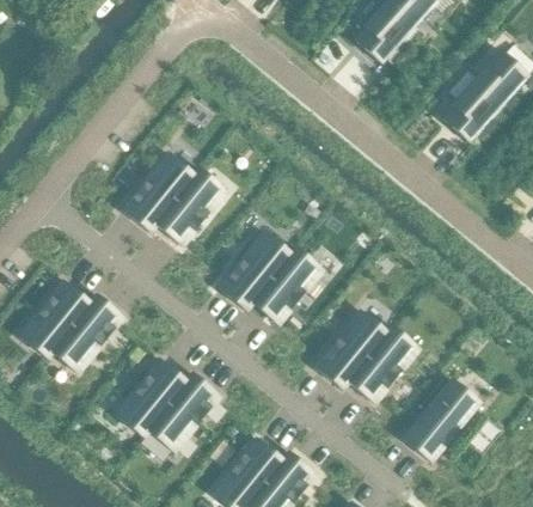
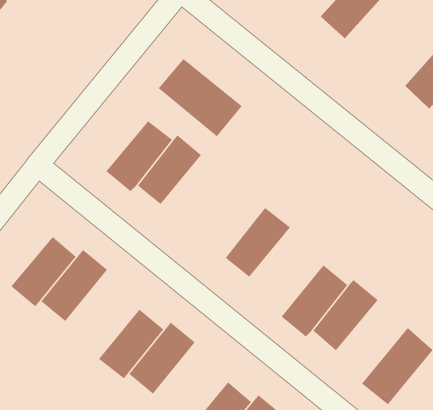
building: none -> [158,58,242,137]
building: [215,230,289,309] -> none

